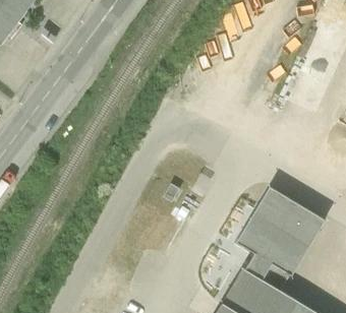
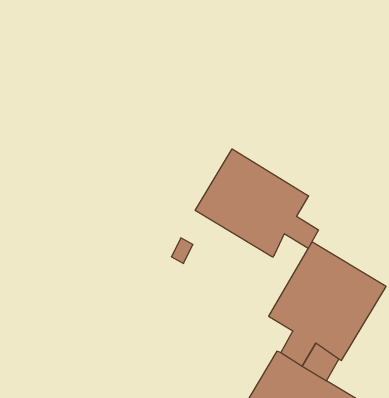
building: none -> [195,149,319,257]

